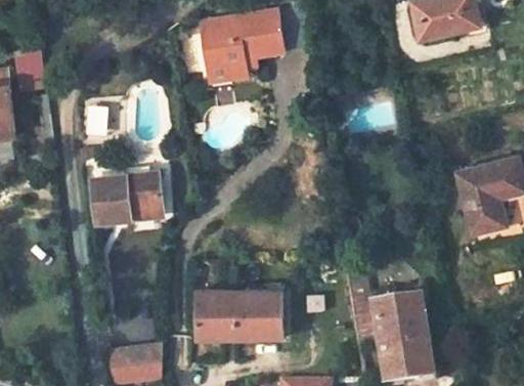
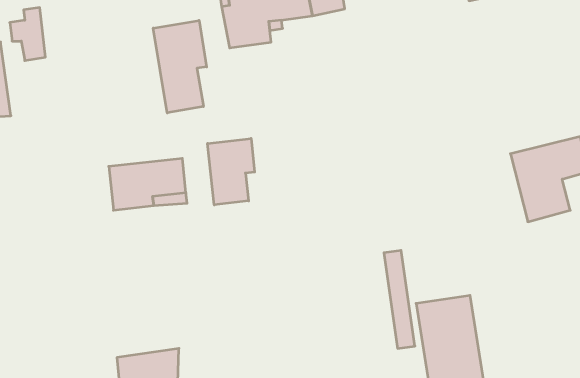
building: none -> [153,20,207,113]
building: none -> [208,138,255,205]
building: [198,289,281,339] -> none

